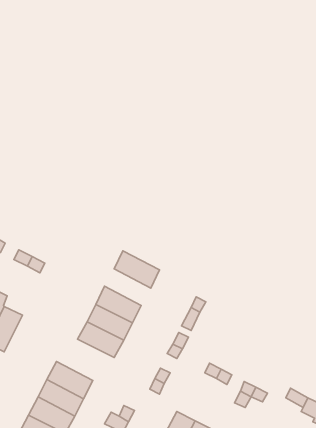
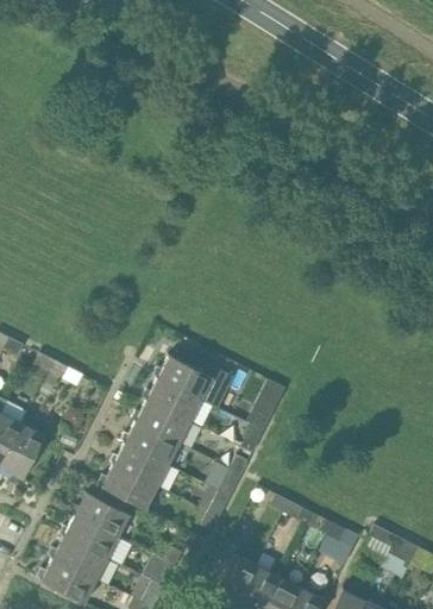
building: none -> [145,378,202,423]
building: none -> [101,465,157,511]

